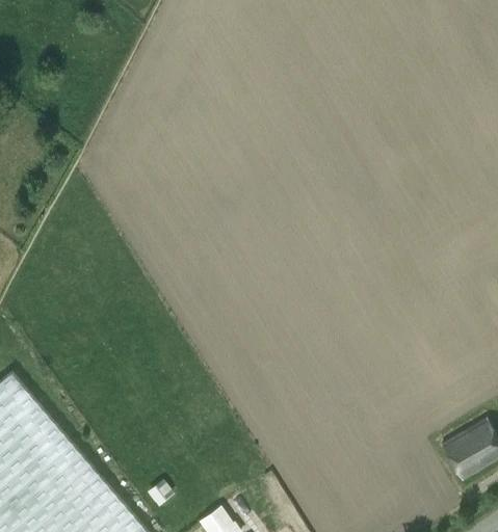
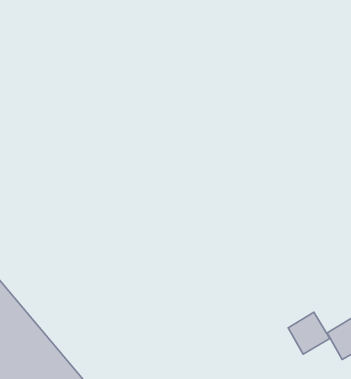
building: none -> [288,312,330,354]

